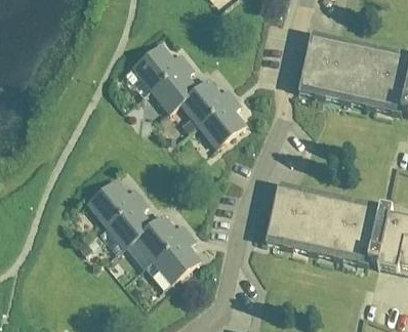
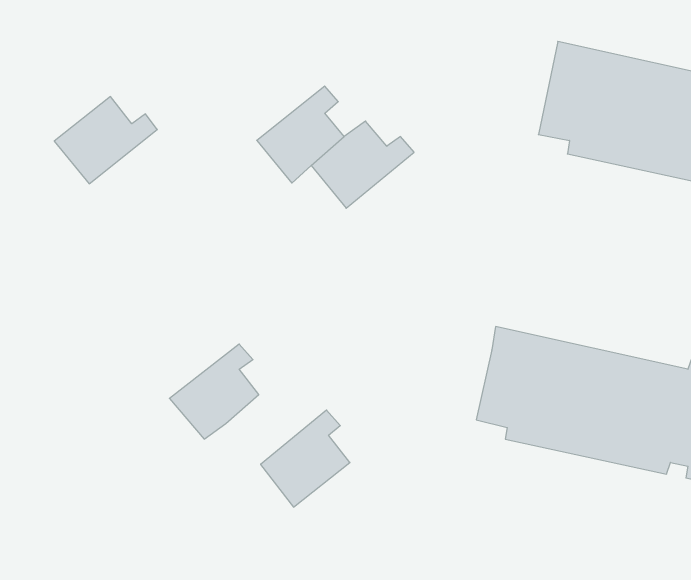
building: [132,42,187,88] -> [54,97,157,184]
building: [198,94,245,147] -> none
building: [87,178,141,224] -> none
building: [134,213,188,259] -> none

